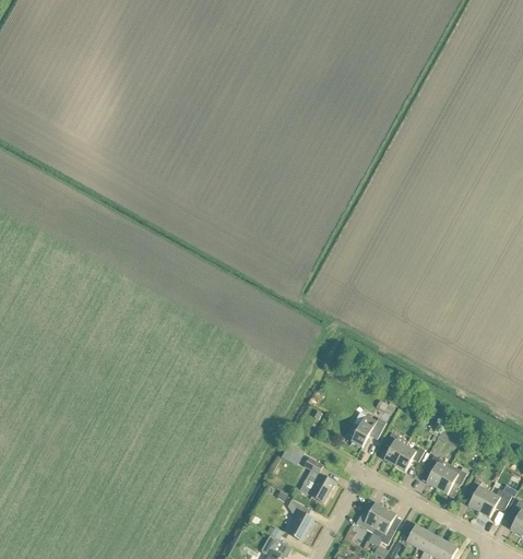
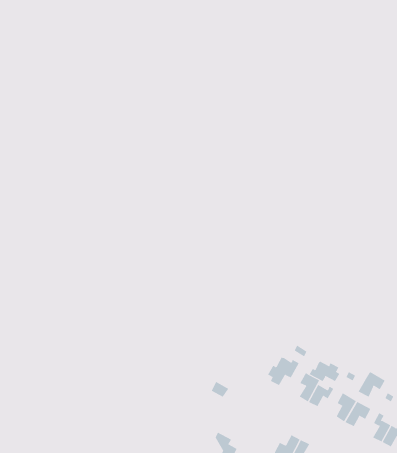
building: none -> [309,360,340,382]
building: none -> [358,371,386,397]
building: [305,459,335,503] -> none

